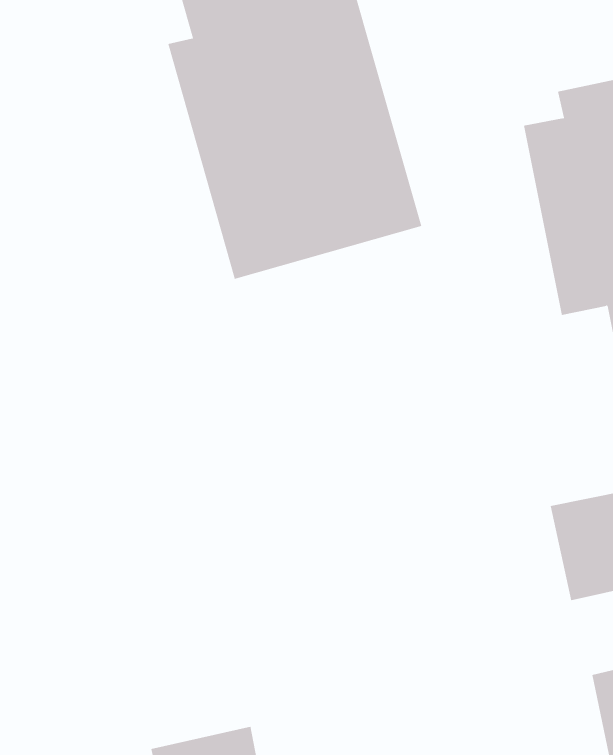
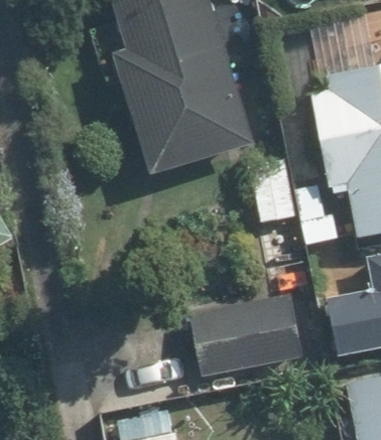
building: none -> [190,294,304,384]

